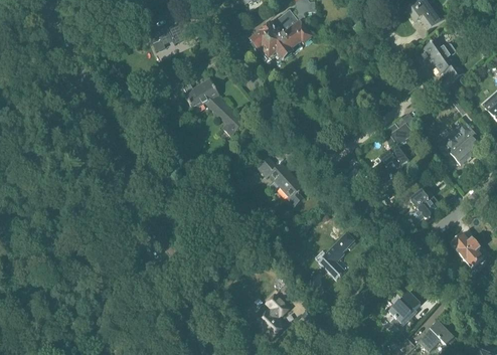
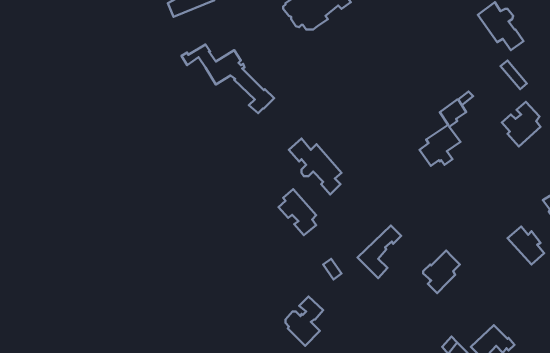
building: [409,189,436,221] -> none
building: none -> [279,189,316,235]
building: [387,290,420,327] -> [423,251,460,293]

